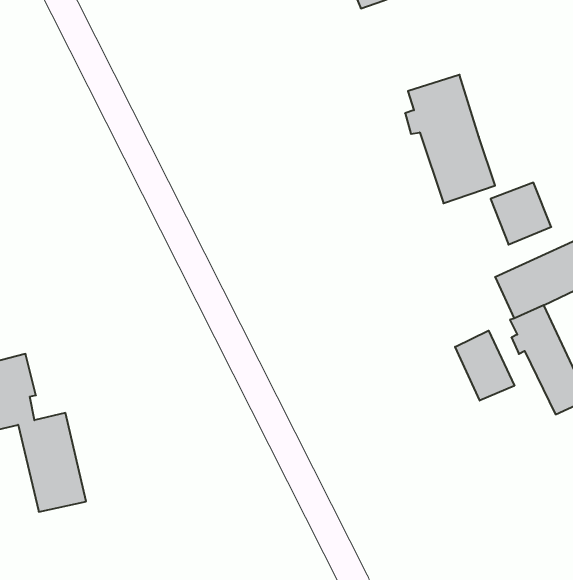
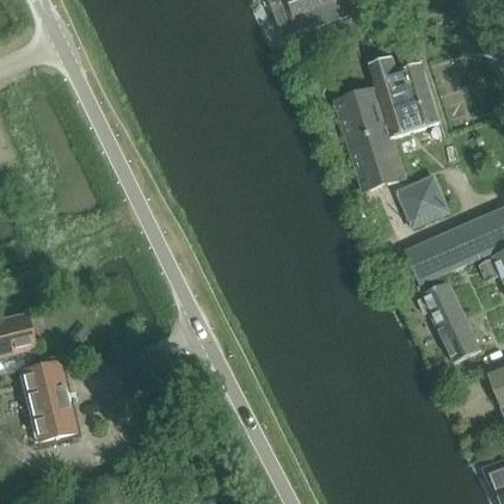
building: none -> [369,55,441,136]
building: [455,331,514,401] -> none

